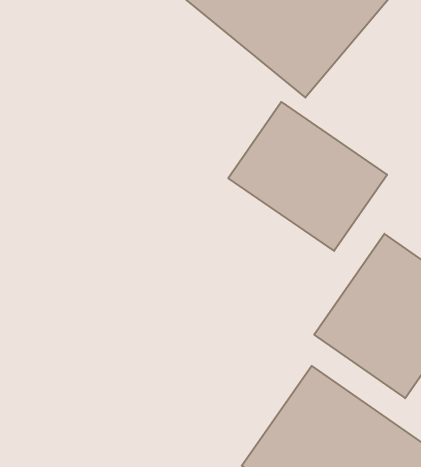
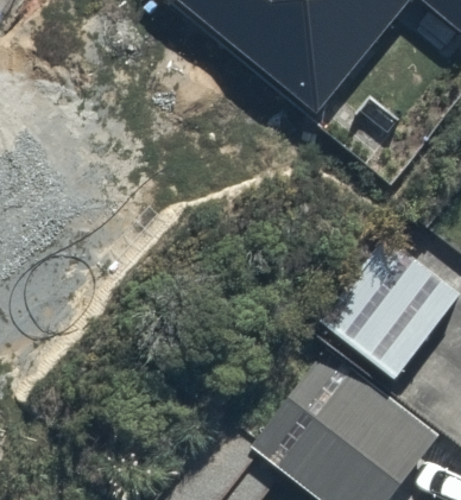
building: [228,102,387,251] -> none

